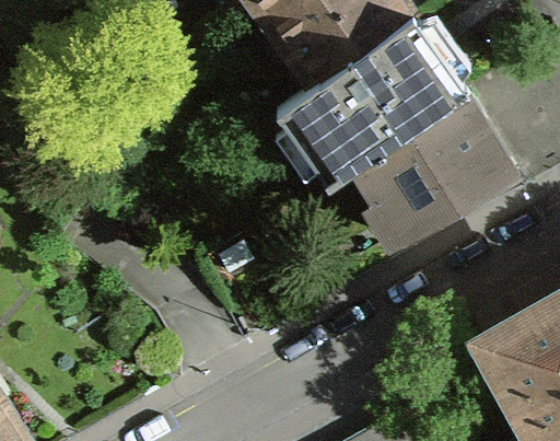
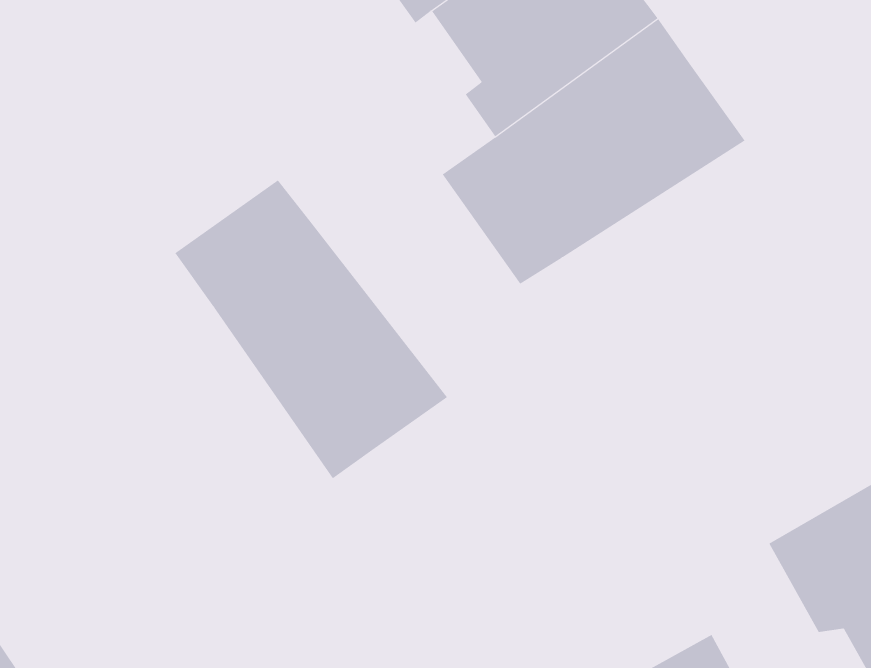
building: [349,96,512,237] -> none
building: none -> [174,180,448,479]

